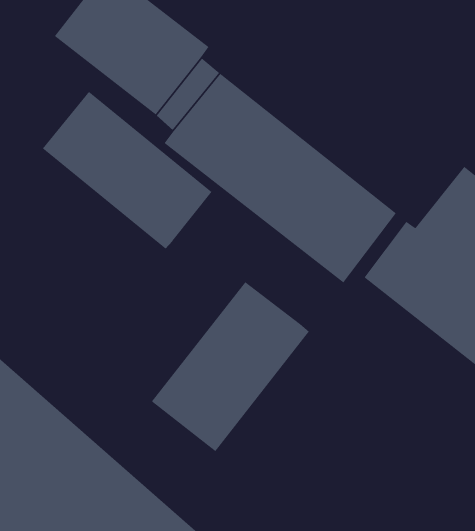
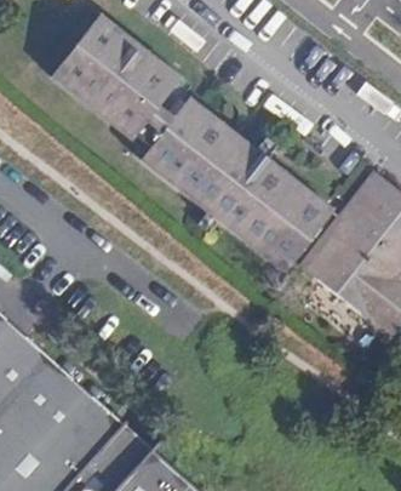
building: [42,91,212,250] -> none
building: [151,281,310,452] -> none

